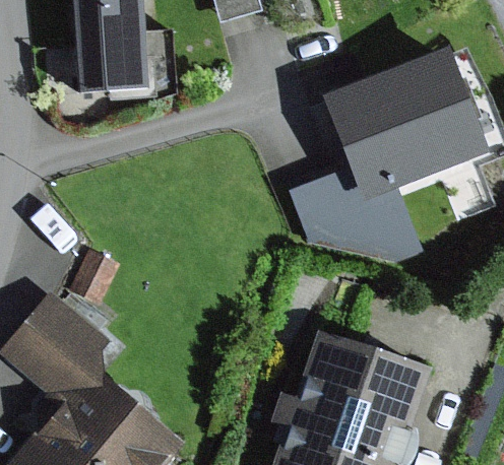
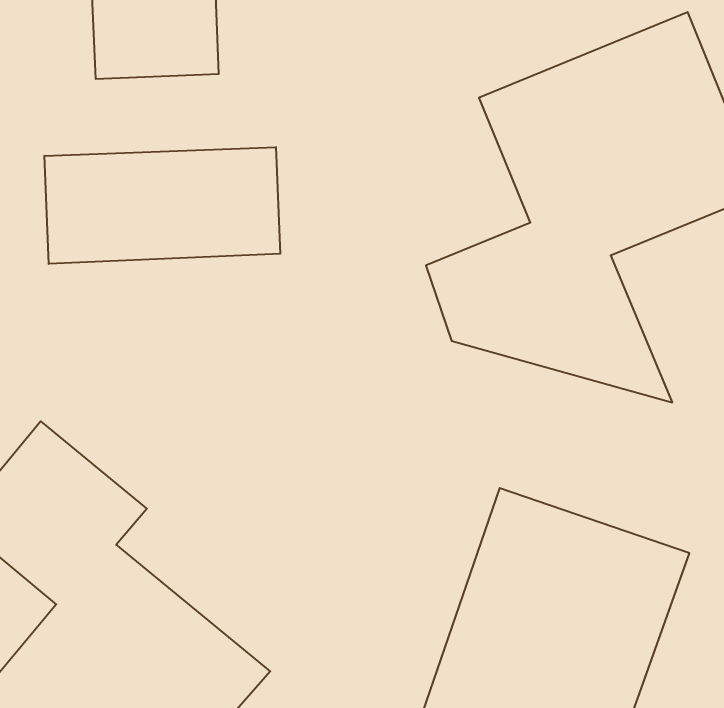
building: none -> [44,147,280,264]

